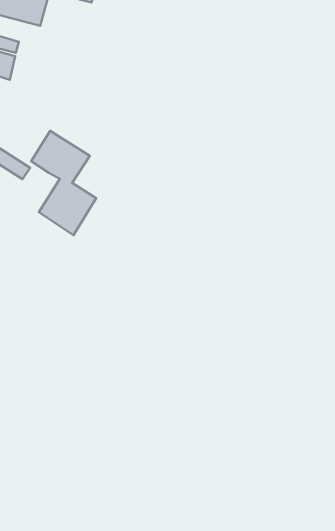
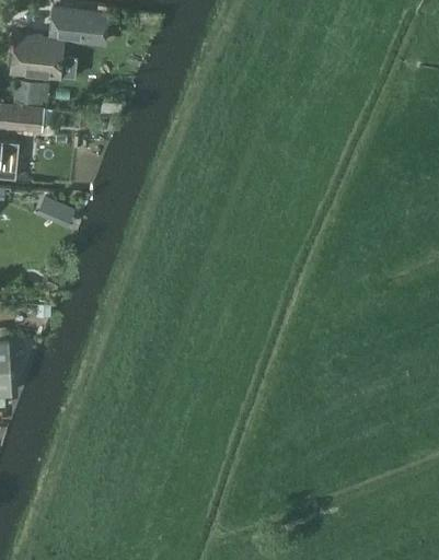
building: [31,131,96,235] -> none

